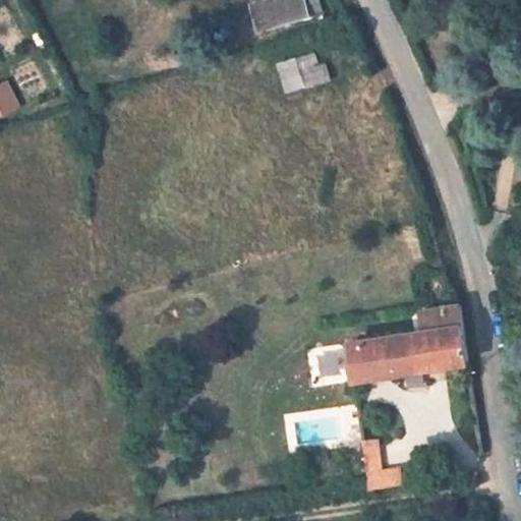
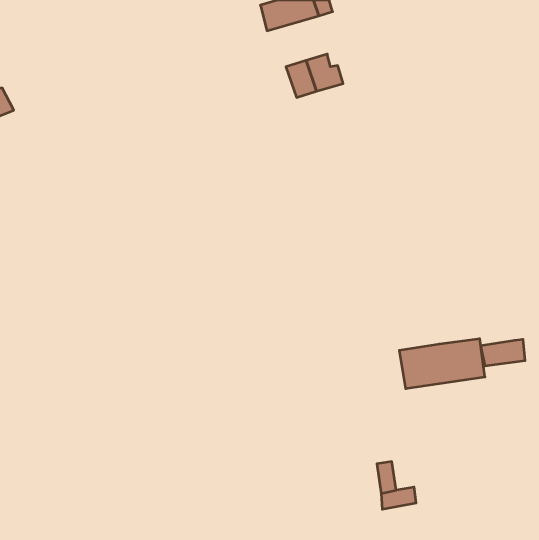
building: [418,306,461,332] -> [481,339,525,366]
building: [347,338,390,381] -> none

